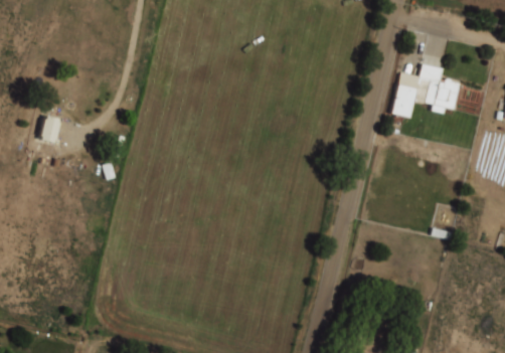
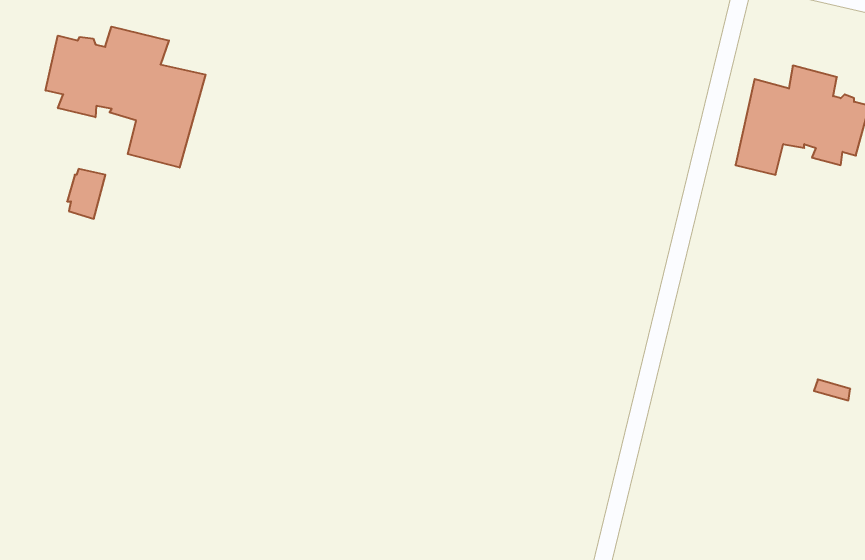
building: none -> [46,27,206,168]

